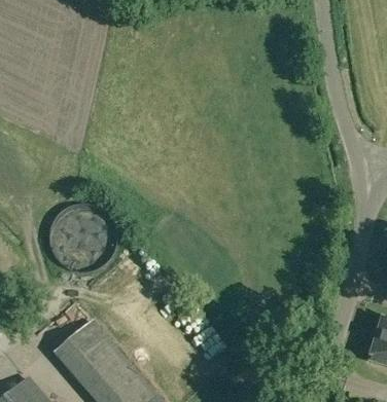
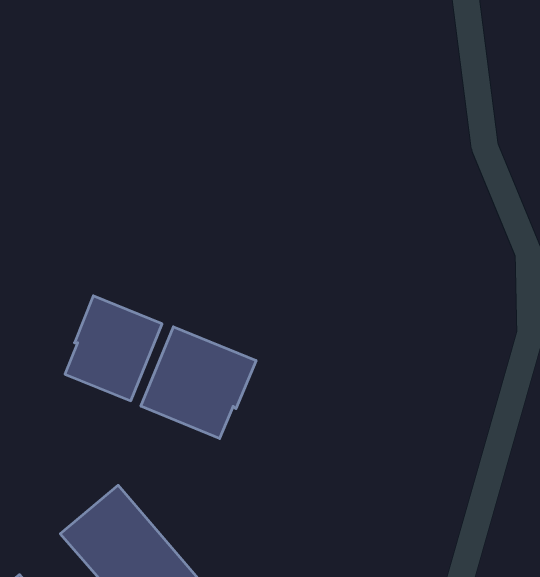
building: none -> [141,327,256,439]

